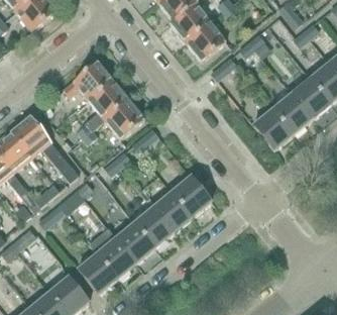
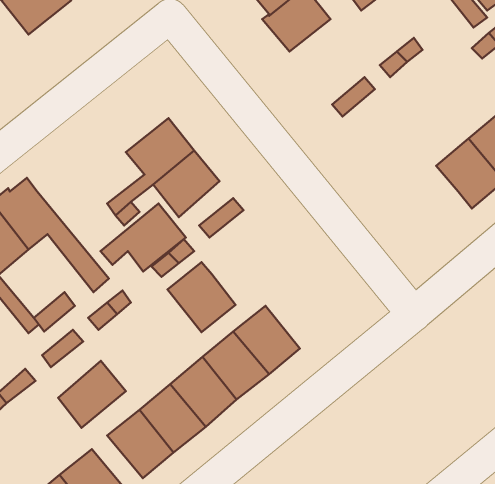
building: [185,21,225,61] -> none
building: [63,60,113,100] -> [101,203,186,272]
building: [252,108,293,148] -> none
building: [171,175,211,216] -> [167,262,236,332]
building: none -> [58,361,126,428]

